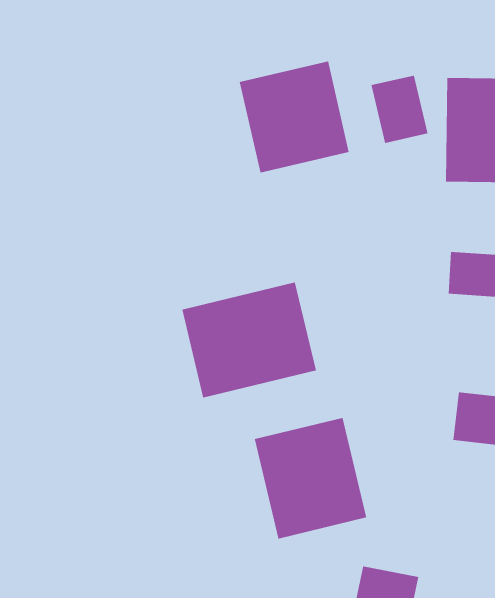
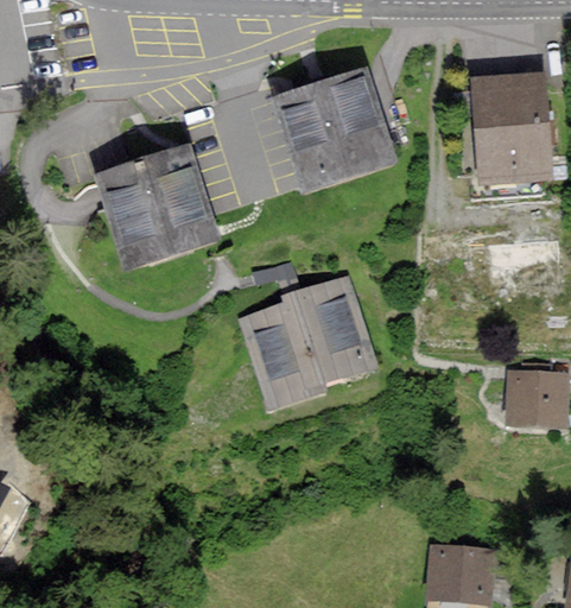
building: [371,75,428,144] -> none
building: none -> [103,147,212,260]
building: [254,417,367,539] -> none

